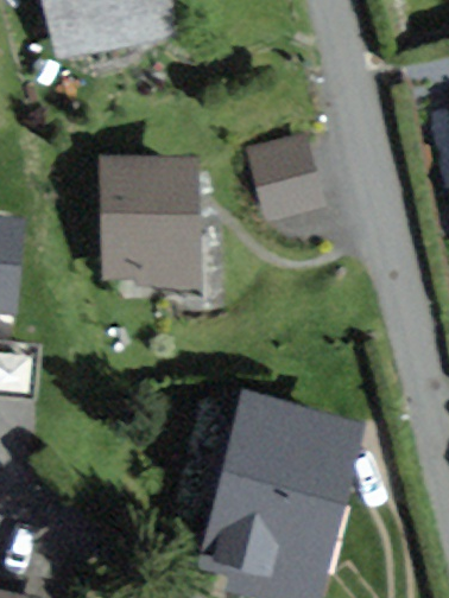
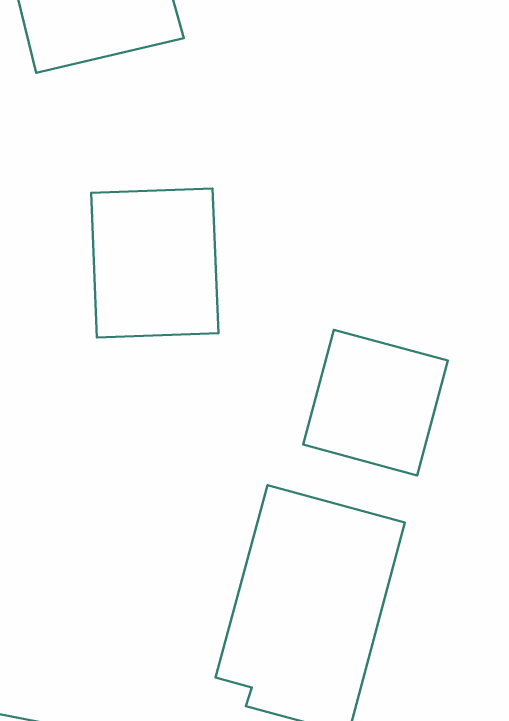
building: [245,133,327,218] -> none
building: none -> [303,330,448,475]

